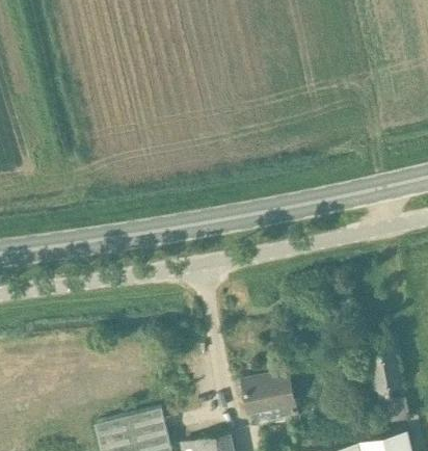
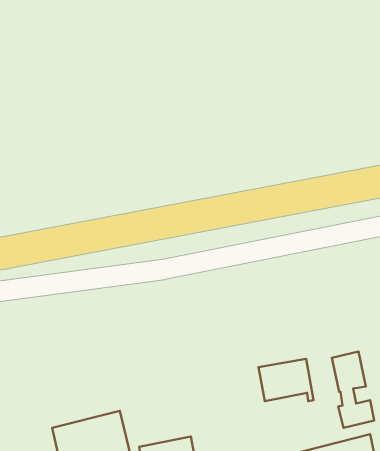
building: [242,373,296,415] -> [258,359,313,401]

